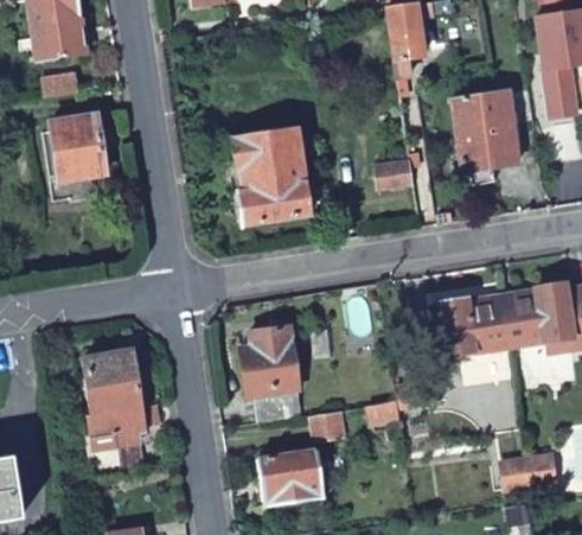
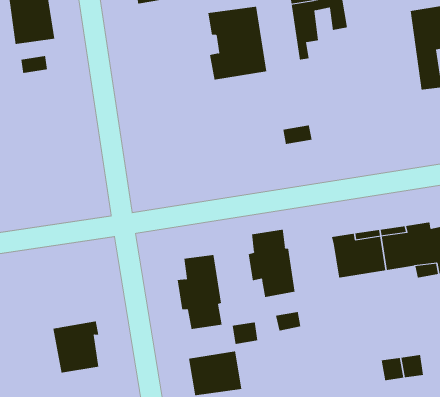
building: [452,93,519,172] -> none
building: [50,113,105,180] -> none
building: [232,133,308,227] -> [207,6,267,80]
building: none -> [248,229,295,298]
building: [82,350,140,418] -> none

